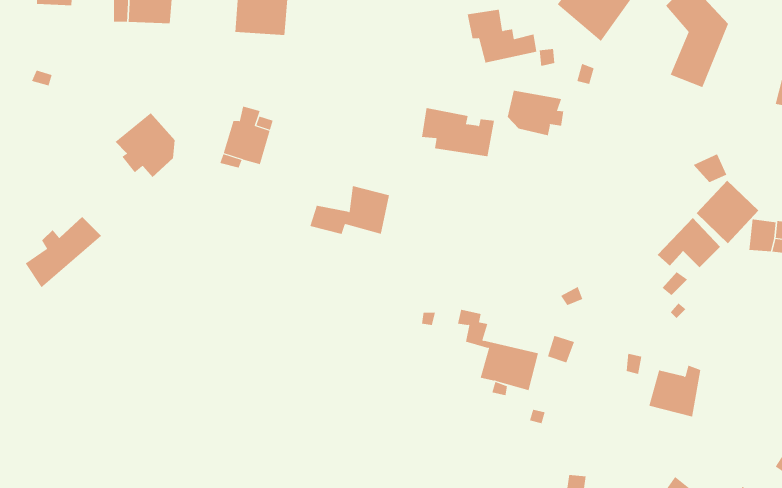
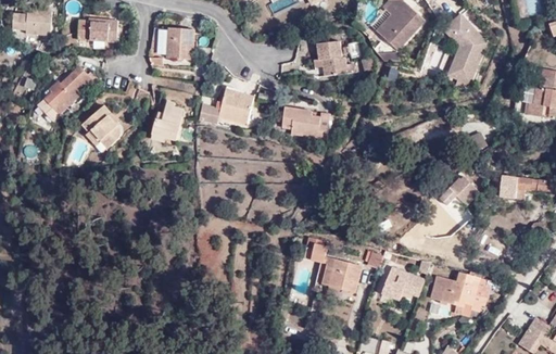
building: [507,90,564,136] -> none
building: [696,180,759,244] -> none
building: [310,185,390,234] -> [195,91,249,124]
building: [25,216,102,288] -> [39,71,90,118]
building: none -> [380,267,422,299]
building: none -> [464,275,485,311]

